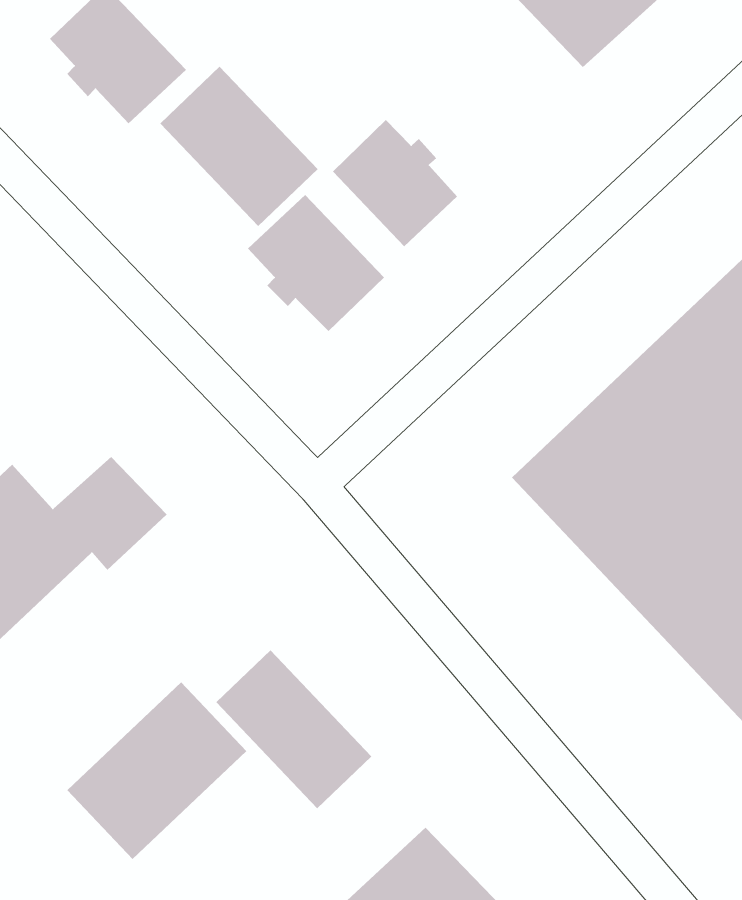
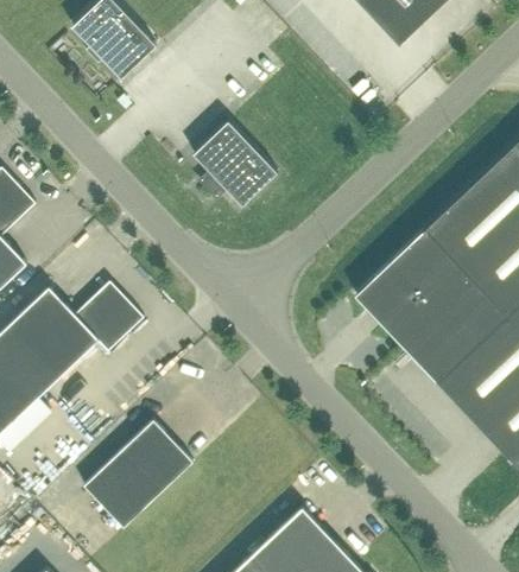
building: [160,66,318,227] -> none
building: [332,119,458,247] -> none
building: [215,649,372,809] -> none

